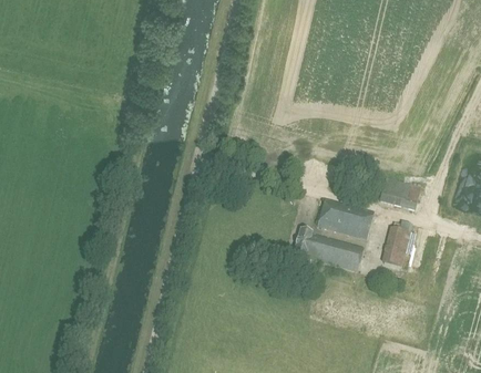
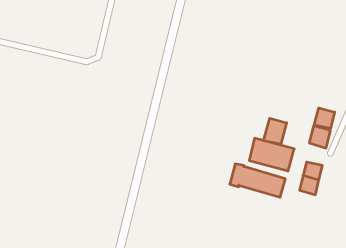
building: none -> [314,108,335,128]
building: none -> [264,118,287,144]

